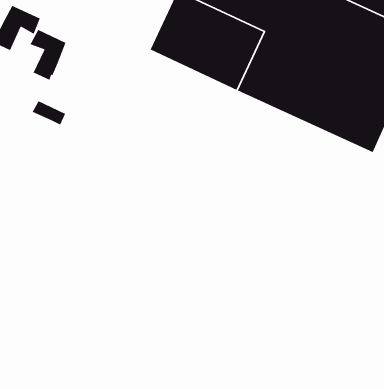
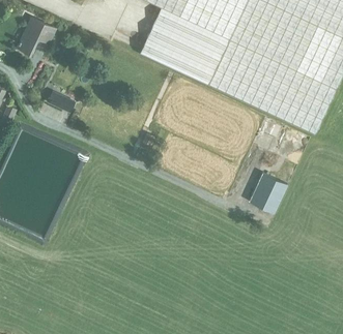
building: [28,29,67,81] -> none
building: none -> [250,173,288,213]

